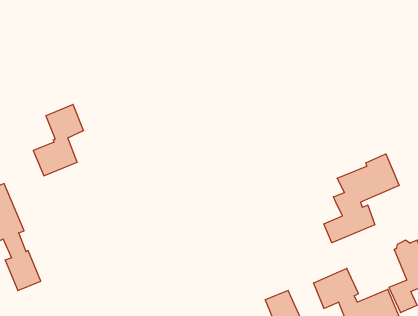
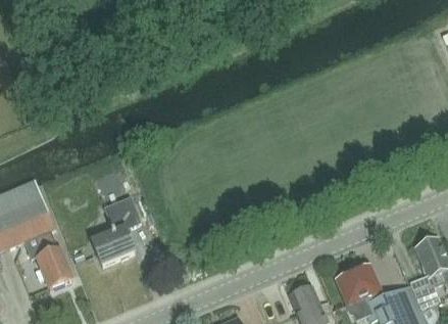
building: [33,104,84,176] -> [92,195,141,265]
building: [324,154,399,243] -> none

